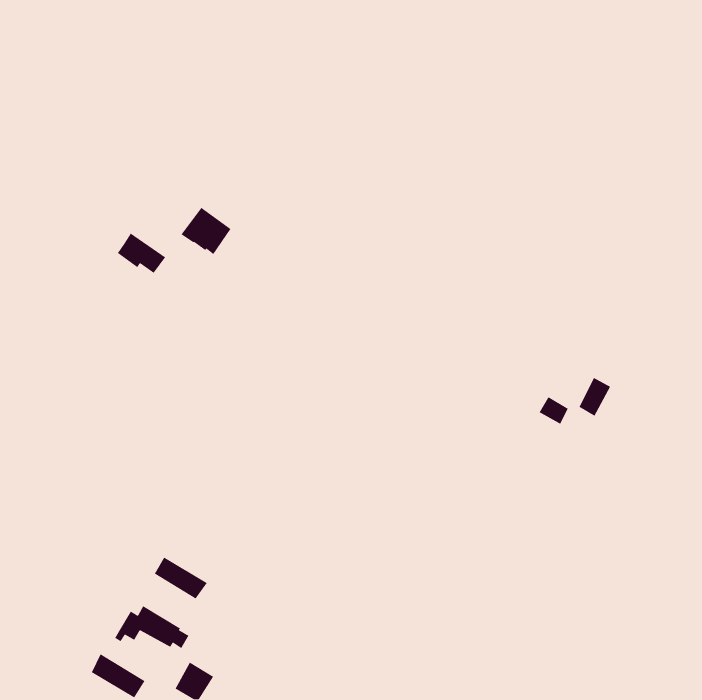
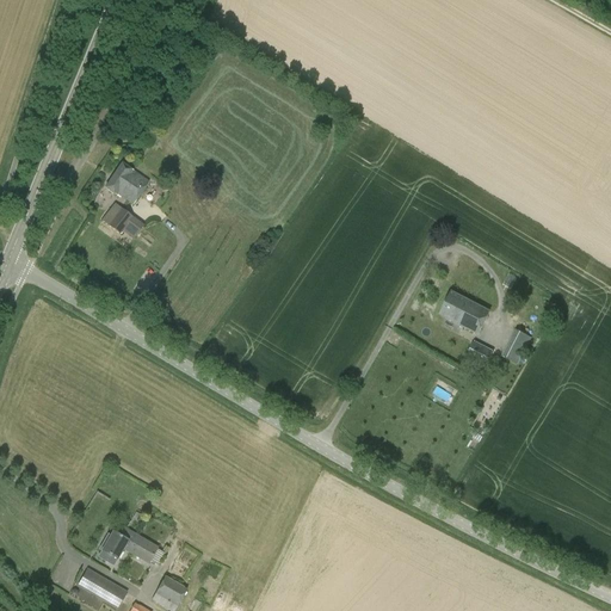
building: [181,207,231,255] -> [104,161,148,203]
building: none -> [439,290,489,333]
building: [154,556,208,600] -> none

